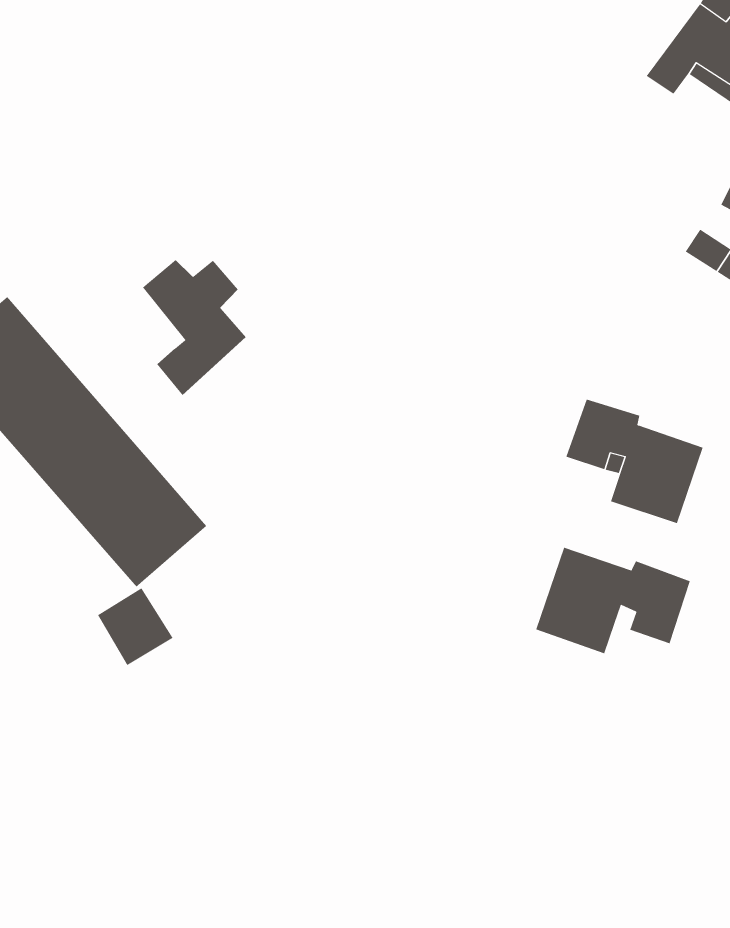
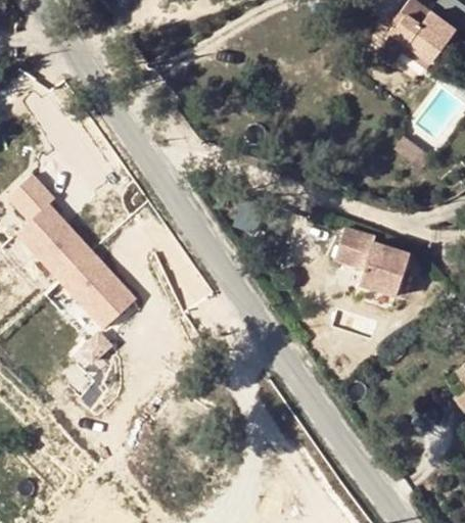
building: [142,259,247,396] -> none
building: [535,547,691,654] -> none

